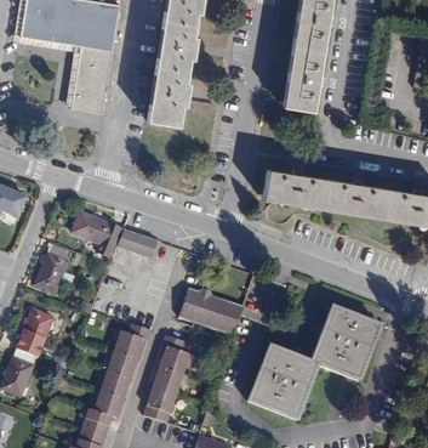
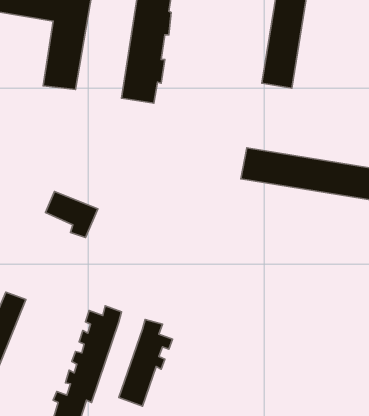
building: [119,229,159,260] -> none
building: [36,244,73,294] -> none
building: [179,289,244,336] -> none
building: [249,307,381,420] -> none

